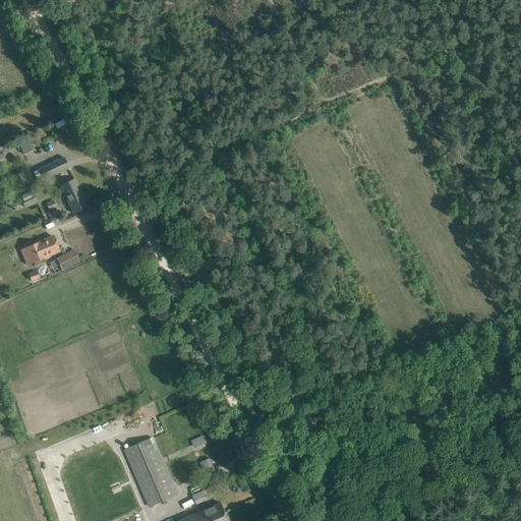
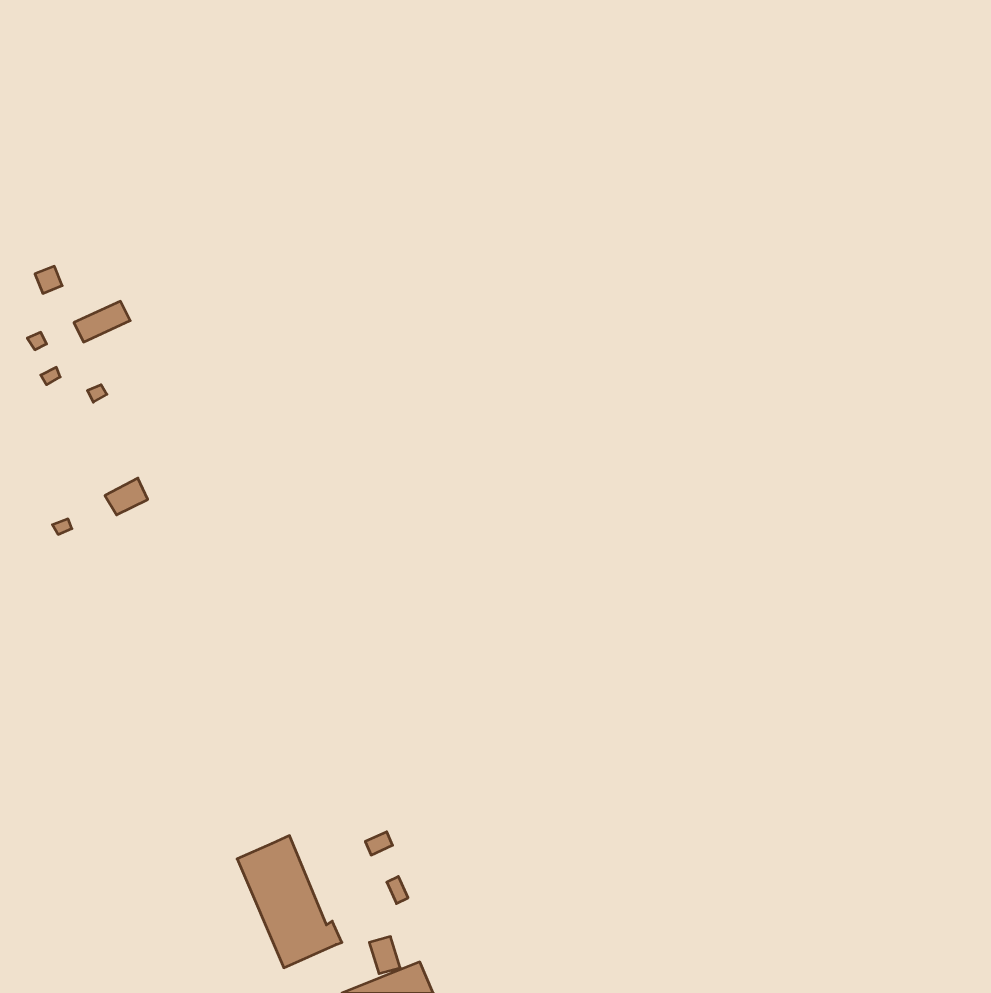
building: [59,179,86,214] -> none
building: [19,236,58,265] -> none

